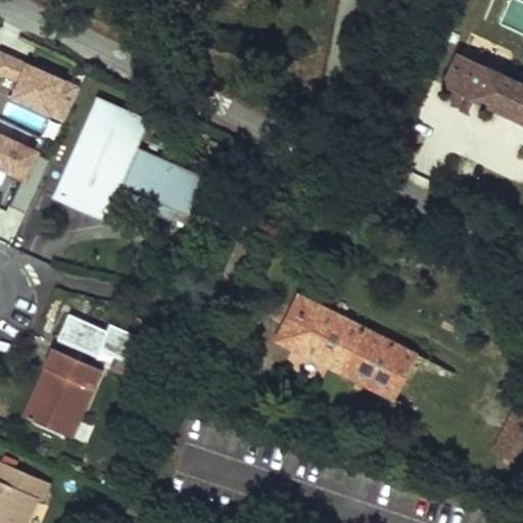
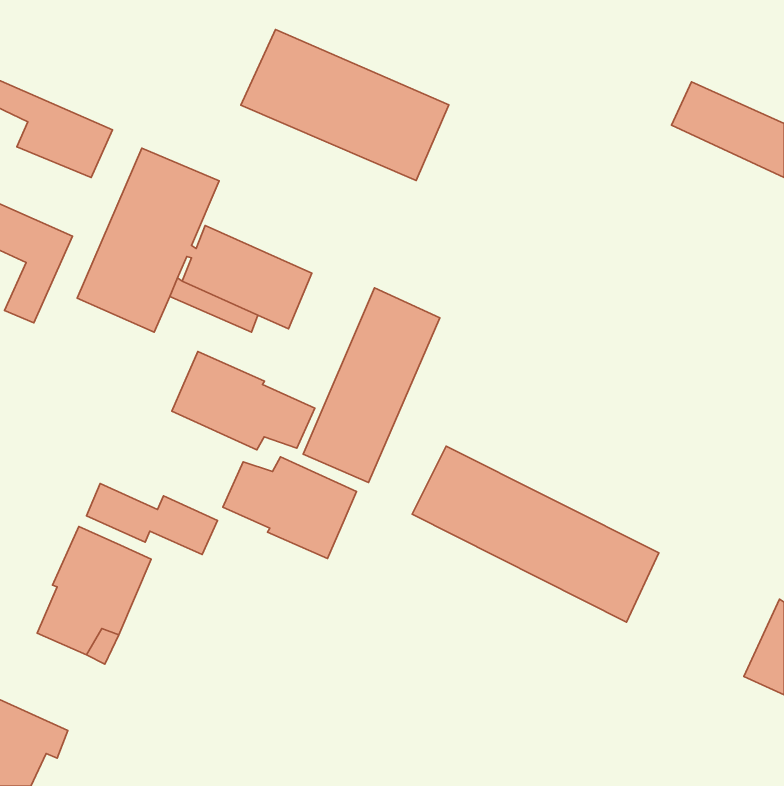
building: none -> [241,30,449,180]
building: none -> [303,288,440,482]
building: none -> [172,352,315,450]
building: none -> [223,457,357,559]

